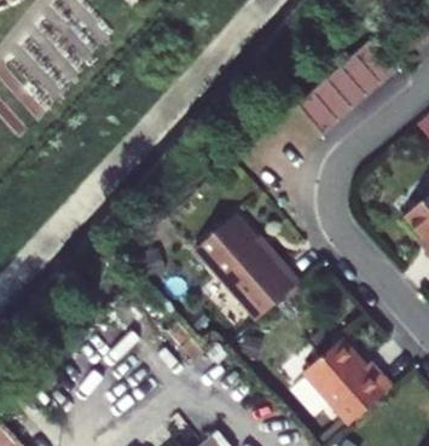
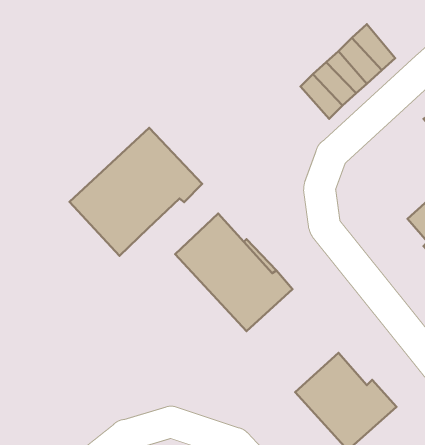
building: none -> [70,128,202,256]

